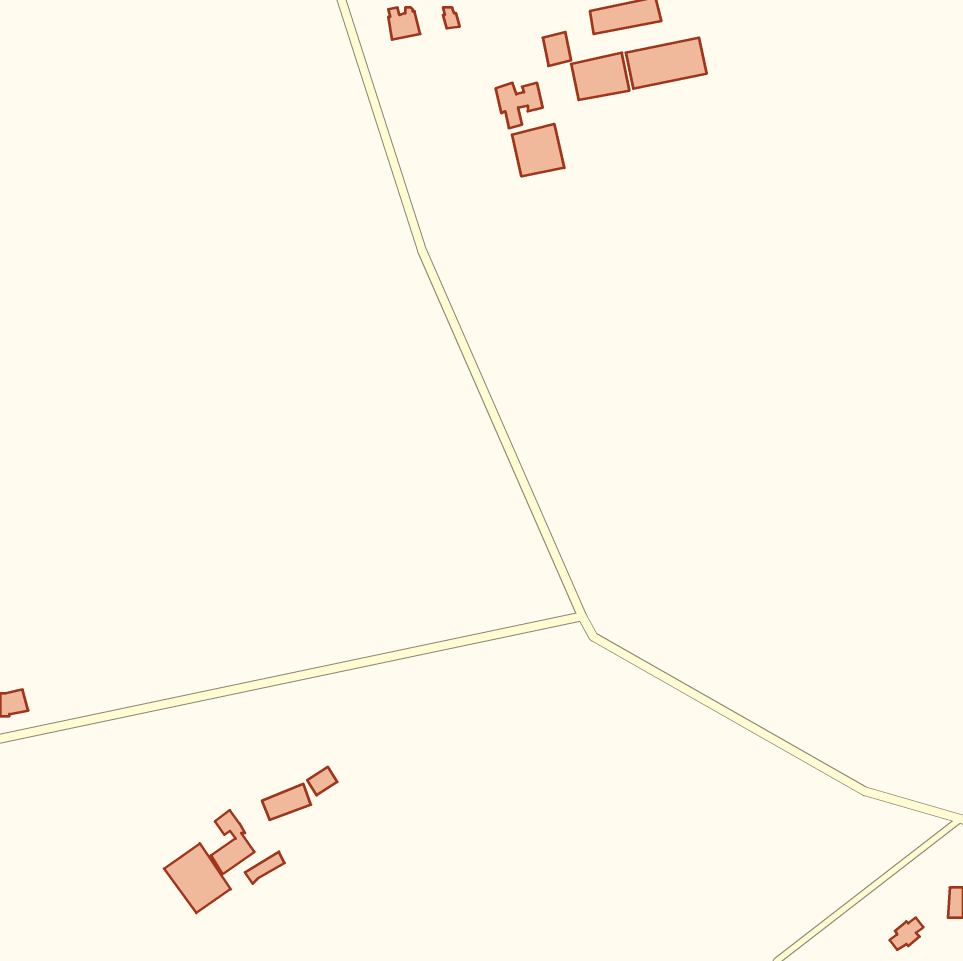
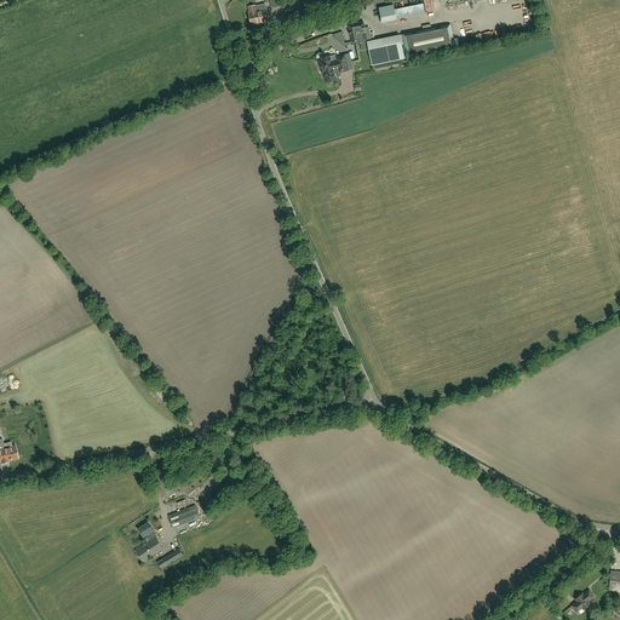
building: [512,124,564,176] -> none
building: [164,843,231,913] -> none

